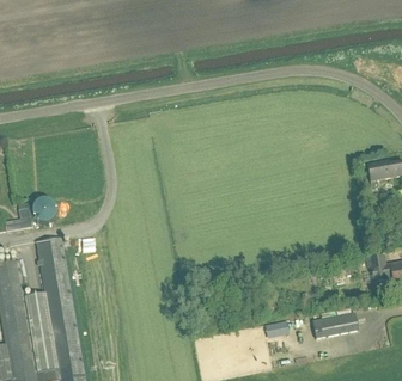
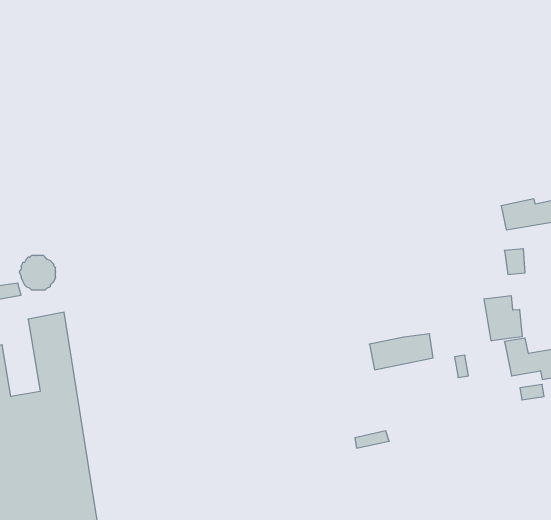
building: none -> [484,296,522,341]
building: [312,312,357,337] -> [369,334,433,370]

